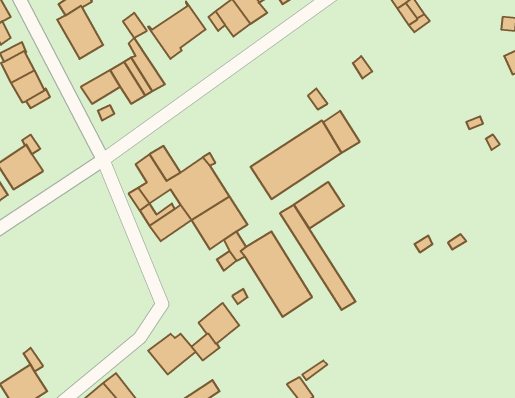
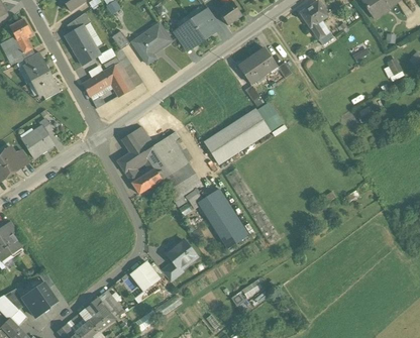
building: none -> [238,47,277,83]
building: [294,182,344,229] -> none

